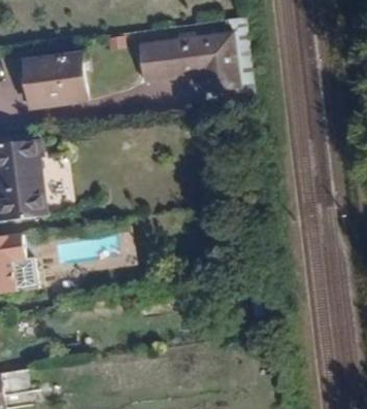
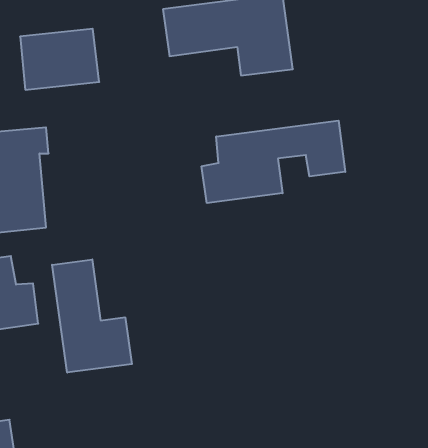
building: none -> [202,121,345,203]
building: none -> [52,259,132,373]

